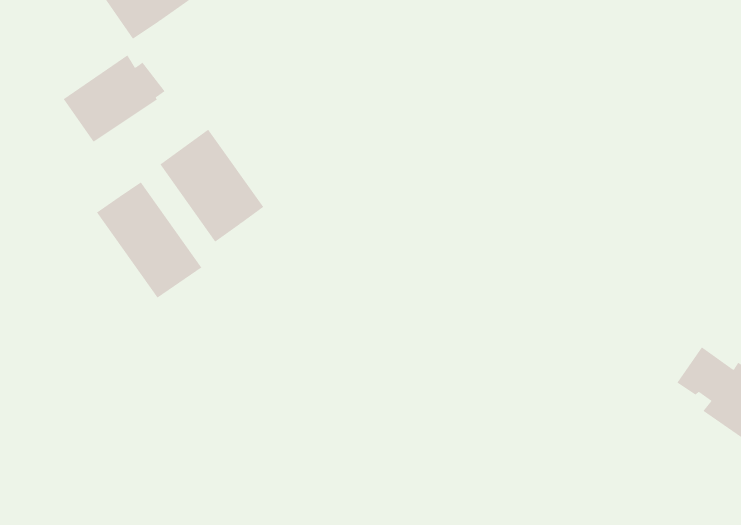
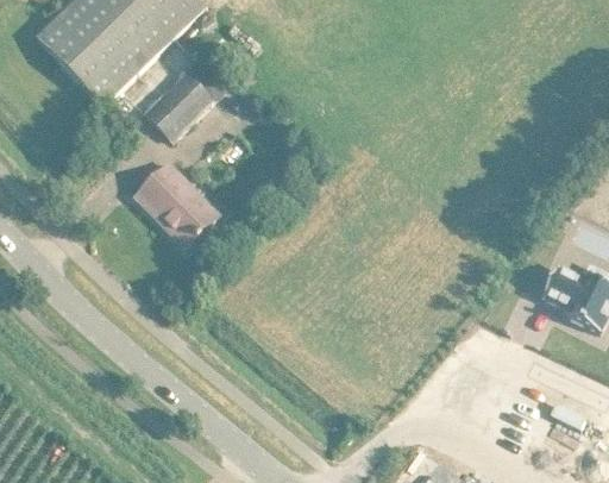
building: [63,55,166,142] -> [145,70,220,139]
building: [96,182,202,299] -> none

